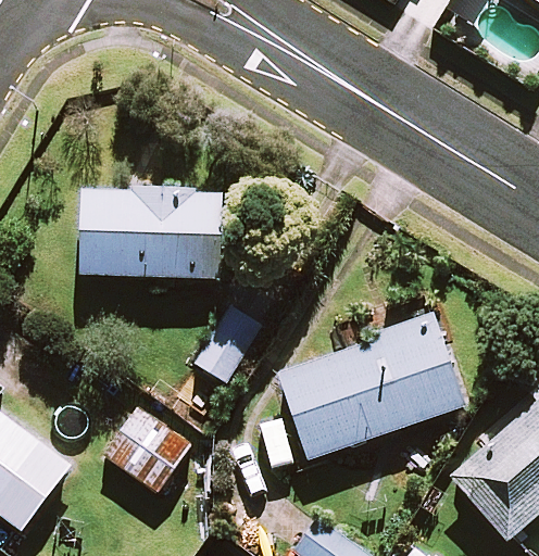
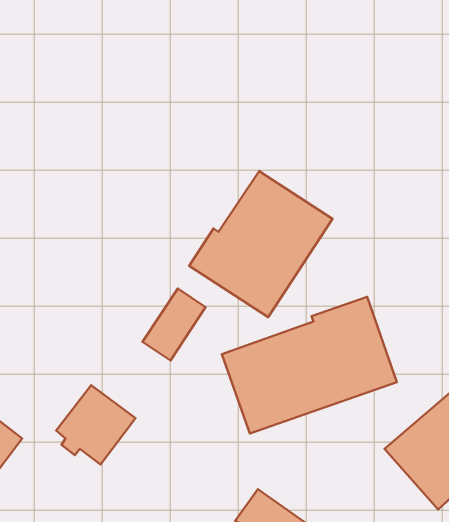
building: none -> [189,171,333,317]
building: [82,188,222,278] -> none

